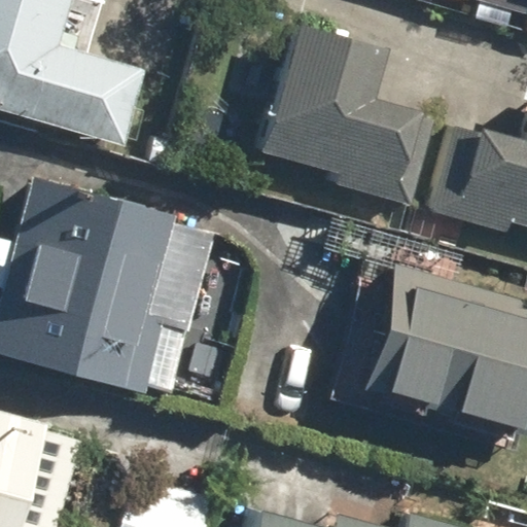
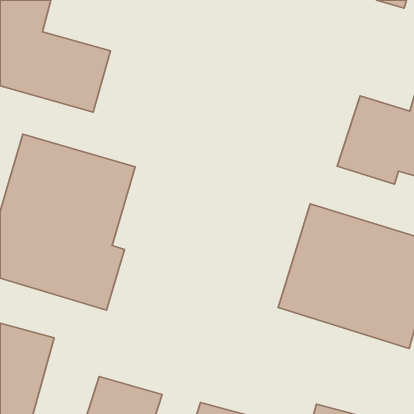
building: [258,22,434,207] -> none

